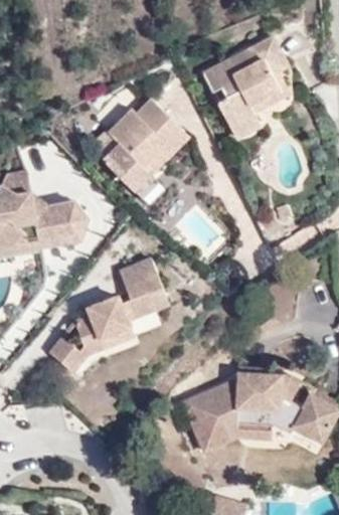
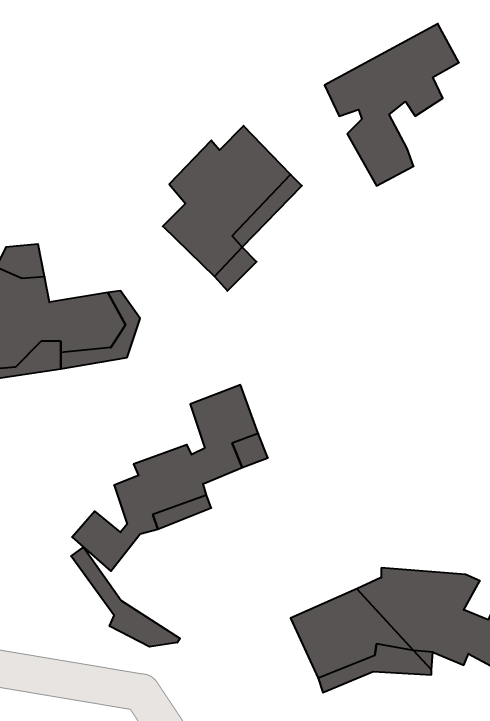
building: [244,58,292,112] -> none
building: none -> [71,547,180,647]

